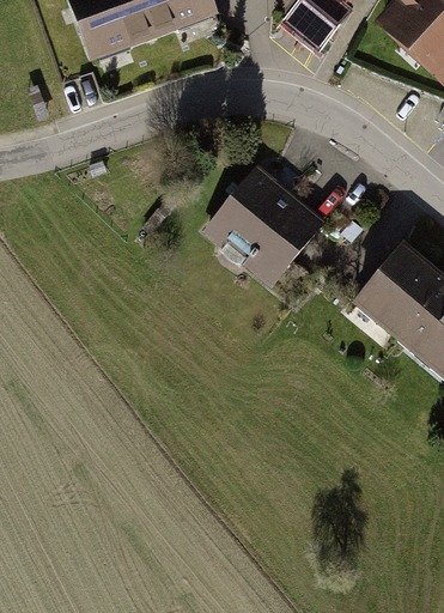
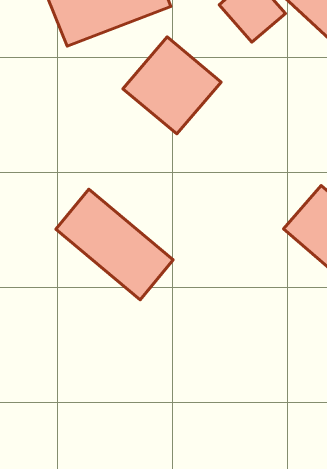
building: [203,163,326,284] -> [123,37,221,134]
building: none -> [56,189,173,300]

